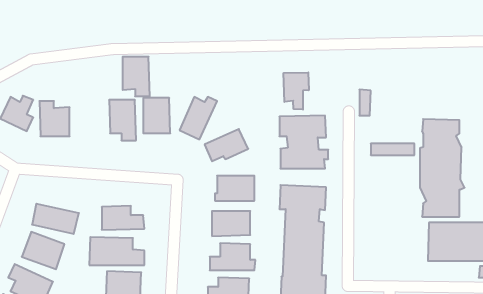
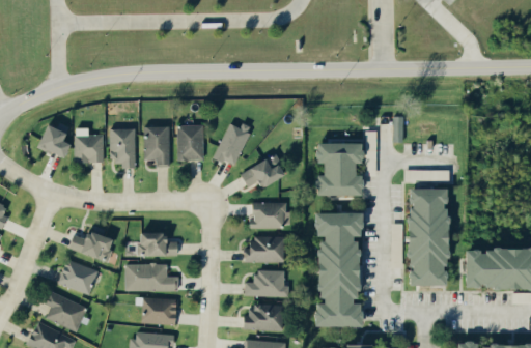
building: [123,57,150,96] -> [110,128,137,168]
building: [284,72,309,110] -> none
building: [420,119,465,217] -> [404,187,449,285]

